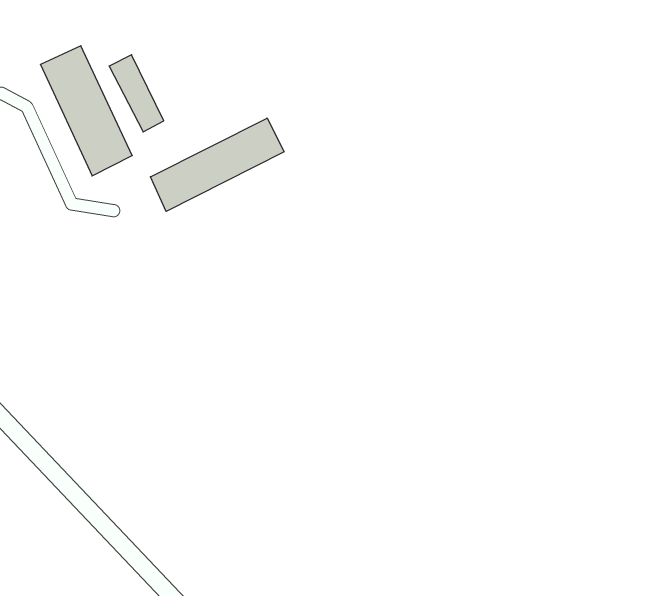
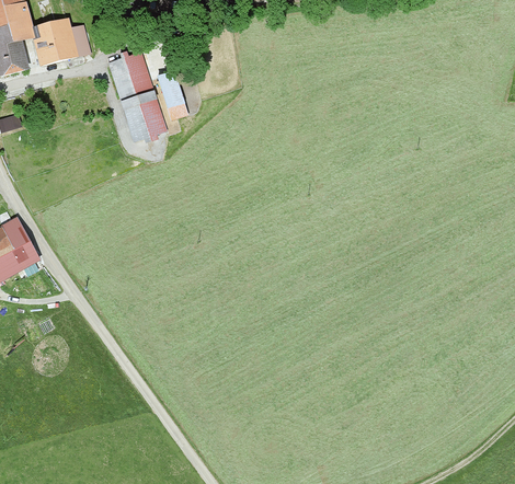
building: [150,118,284,211] -> none

